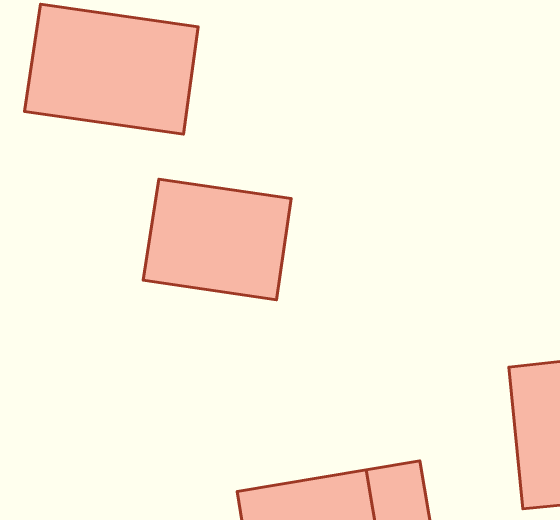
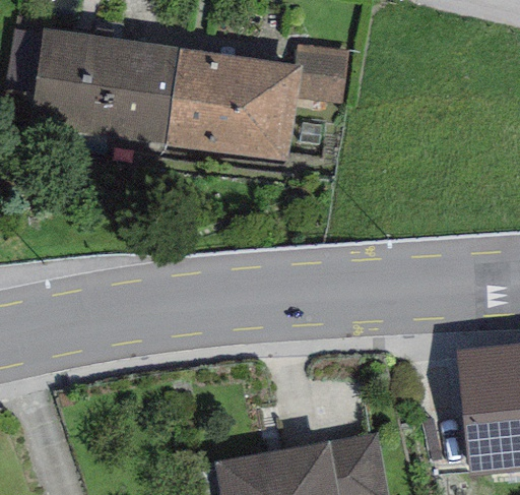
building: none -> [167,42,351,162]
building: [143,179,291,300] -> none

